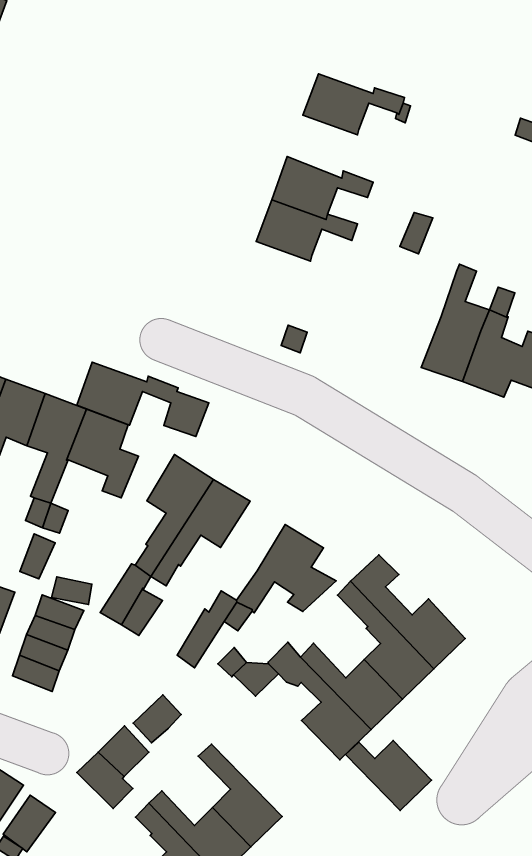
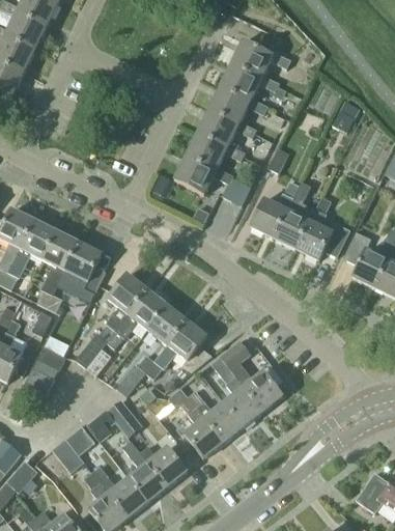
building: none -> [231,39,290,78]
building: none -> [208,86,267,124]
building: none -> [250,180,299,237]
building: [77,362,209,437] -> [174,156,250,204]
building: none -> [147,304,186,344]
building: none -> [107,398,142,437]
building: [346,741,432,810] -> [139,445,187,486]

